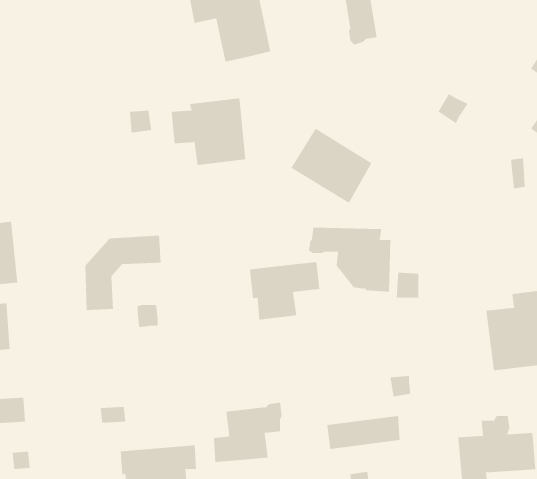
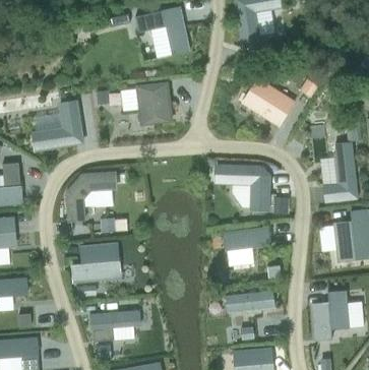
building: [290,128,372,203] -> [241,76,295,126]
building: none -> [34,101,82,150]
building: none -> [323,142,358,201]
building: [249,261,320,320] -> [223,226,269,264]
building: [213,402,282,462] -> [72,241,118,281]

